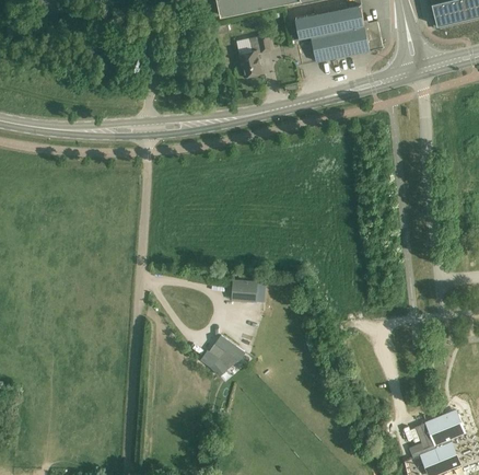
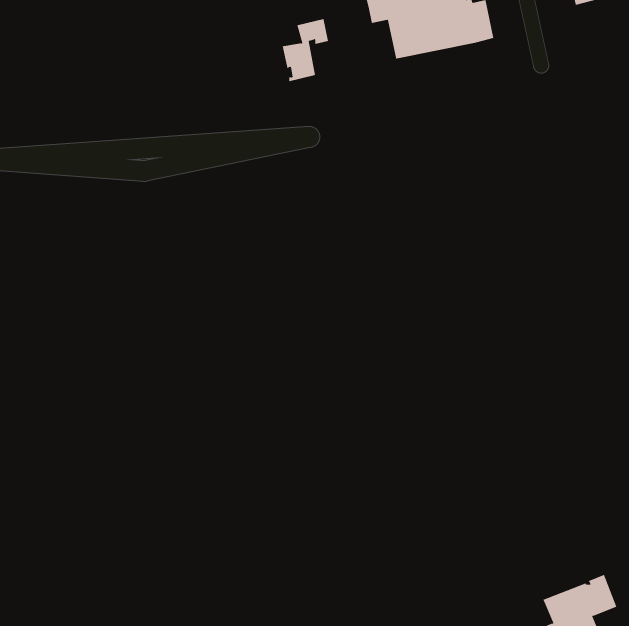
building: [231,280,257,302] -> none
building: [200,336,244,376] -> none

